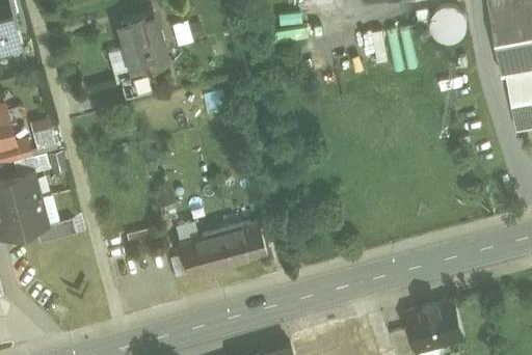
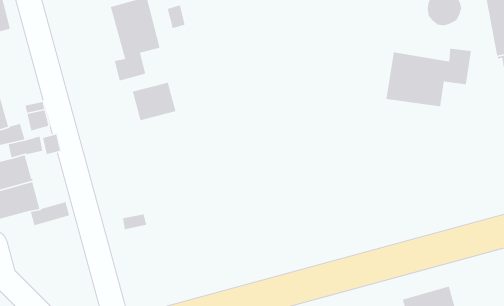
building: none -> [386,48,472,107]
building: none -> [132,82,177,121]
building: [178,220,267,275] -> none

